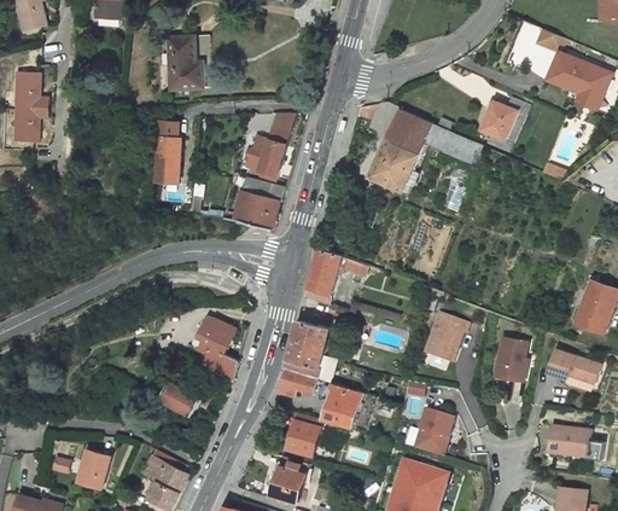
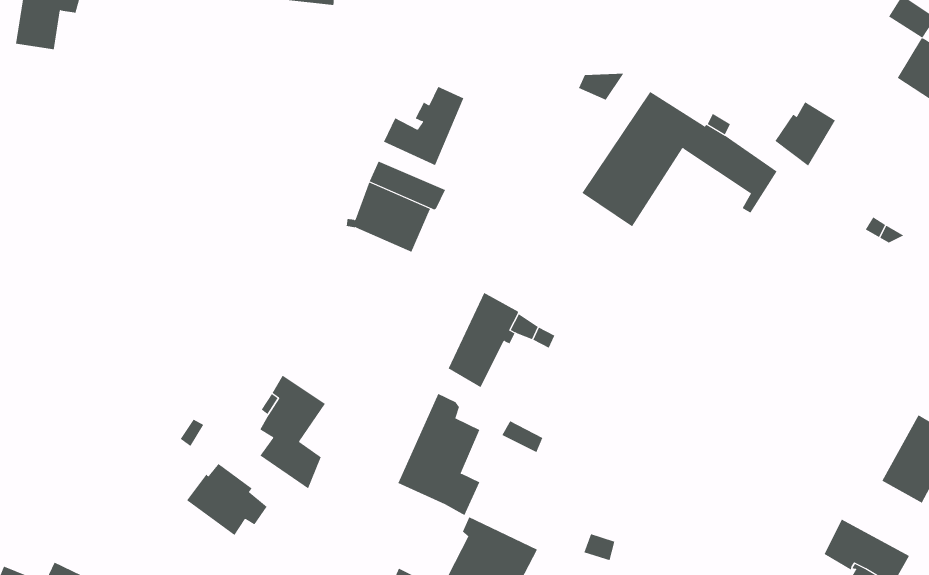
building: [152,137,177,182] -> none
building: [424,313,467,360] -> none
building: [495,336,526,382] -> none
building: [276,368,315,397] -> none

